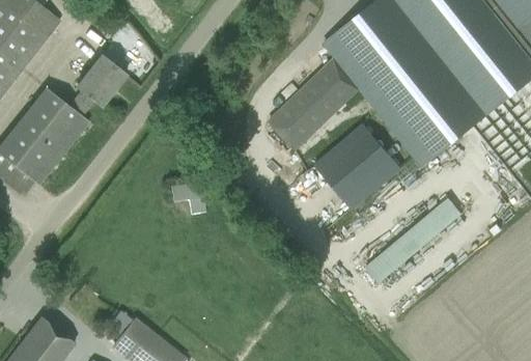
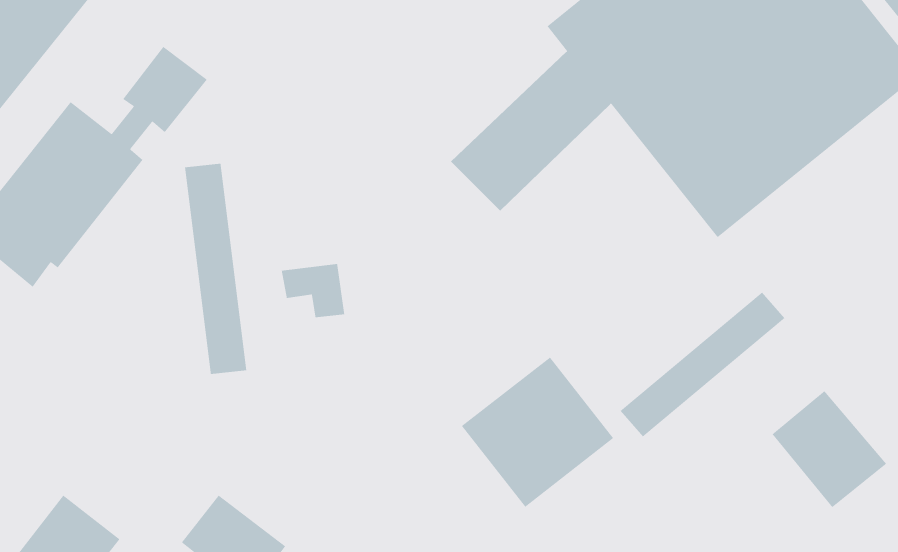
building: none -> [184,163,247,375]
building: [309,123,398,212] -> [461,356,614,508]
building: none -> [772,390,887,508]

